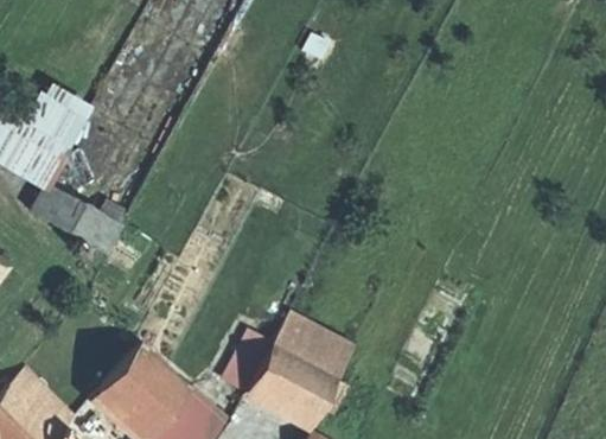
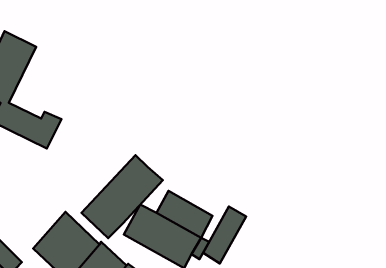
building: none -> [82,155,163,238]
building: none -> [203,207,246,263]

